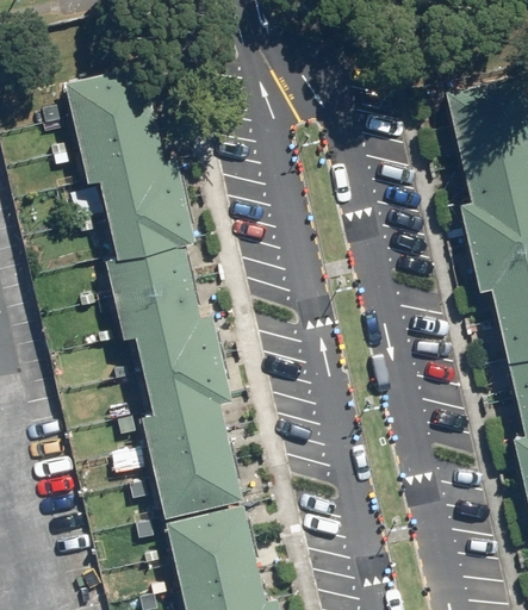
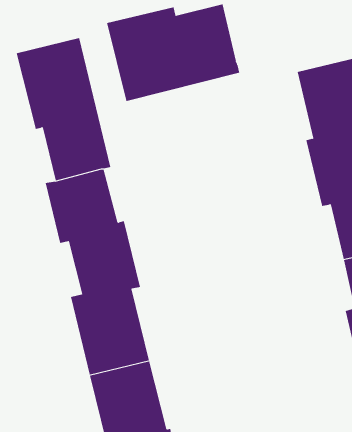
building: none -> [107,4,240,102]

